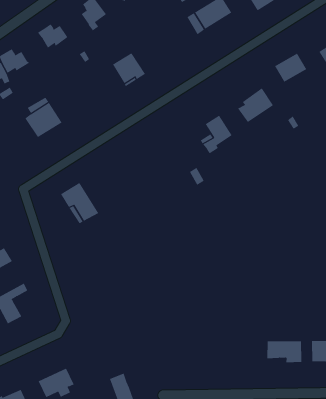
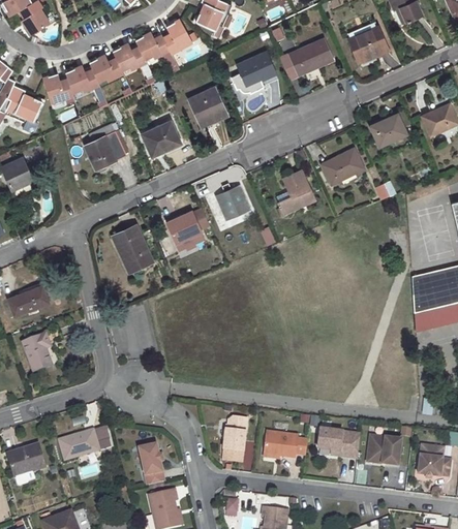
building: none -> [134,33,170,60]
building: none -> [238,53,276,87]
building: none -> [89,55,123,83]
building: none -> [142,122,180,156]
building: none -> [215,185,251,220]
building: none -> [169,212,202,250]
building: none -> [222,417,246,463]
building: none -> [263,433,306,459]

